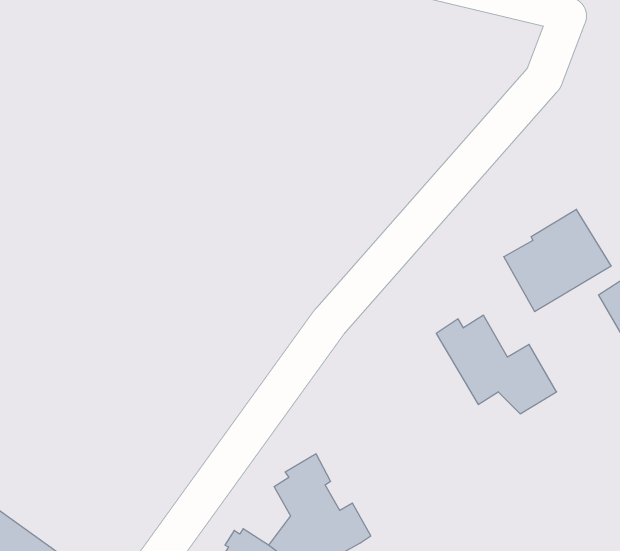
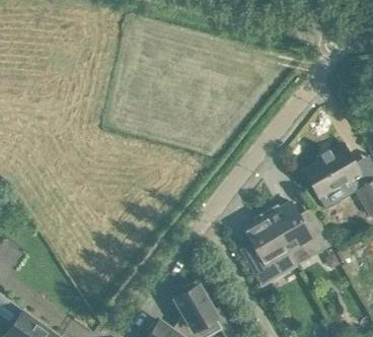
building: none -> [244,213,289,287]

